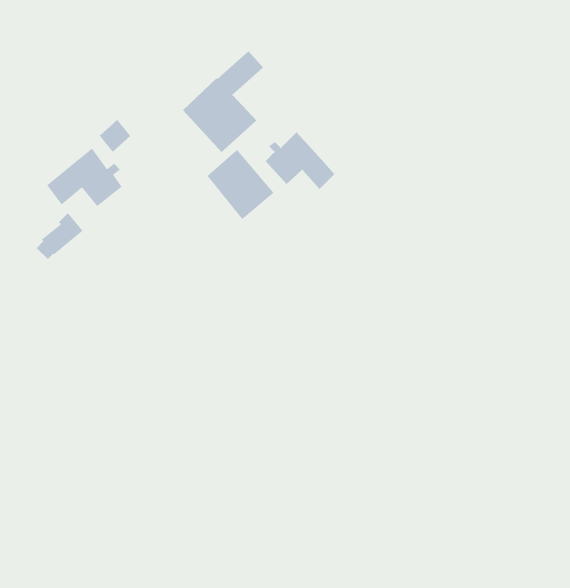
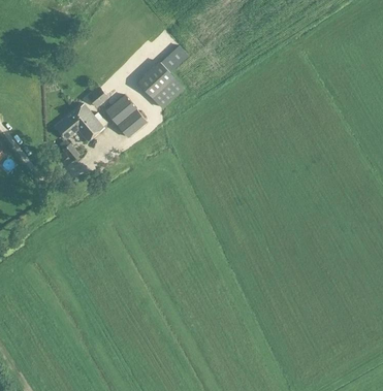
building: [265,131,335,190] -> none
building: [207,149,275,220] -> [104,94,146,137]

